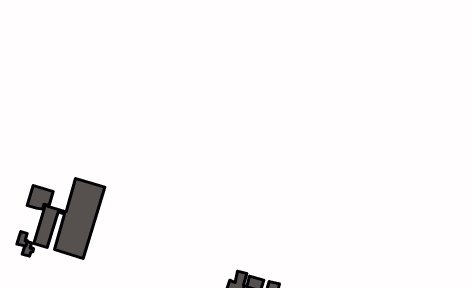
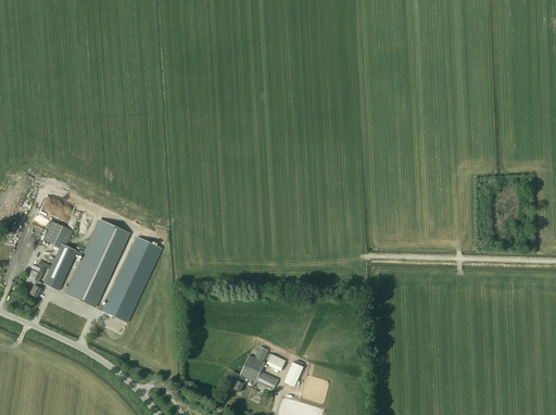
building: none -> [102,236,161,320]

